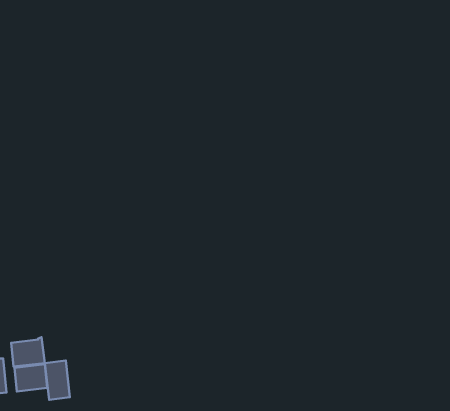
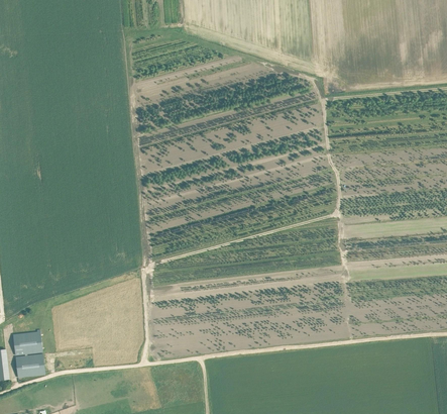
building: [45,360,70,400] -> none

